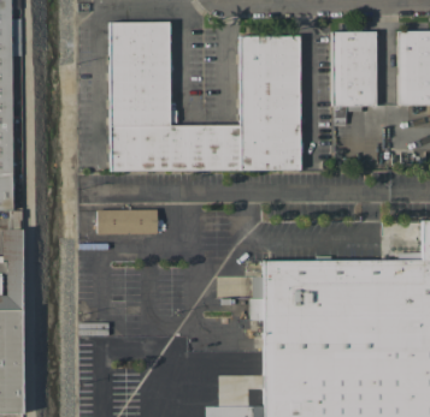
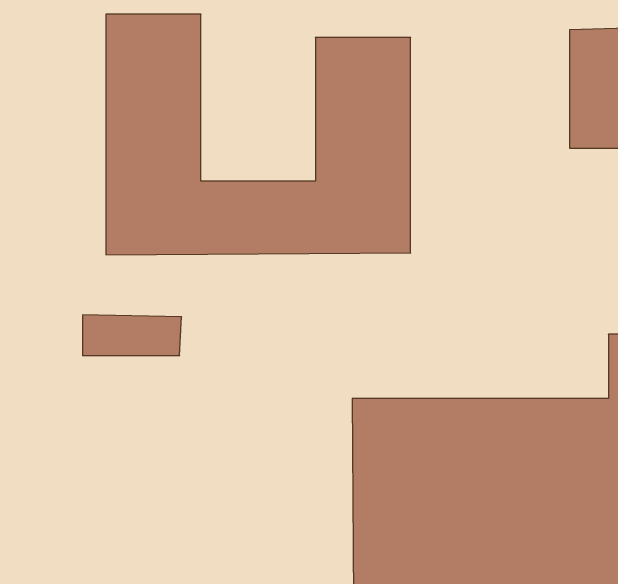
building: [332,32,377,107] -> none

